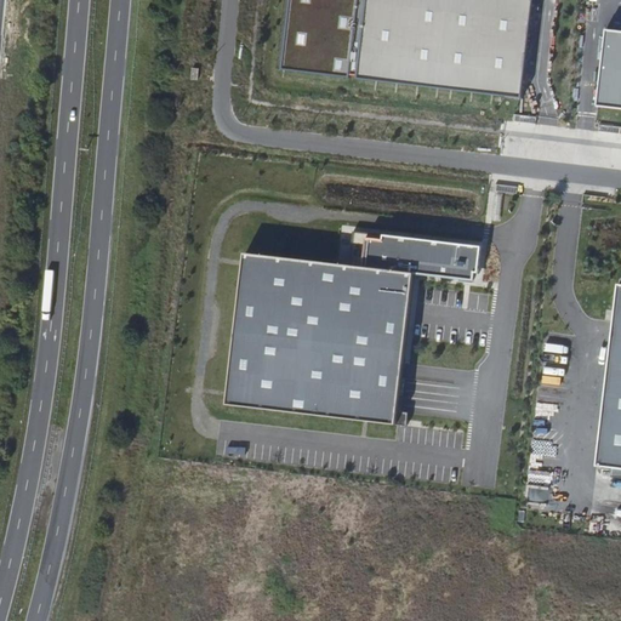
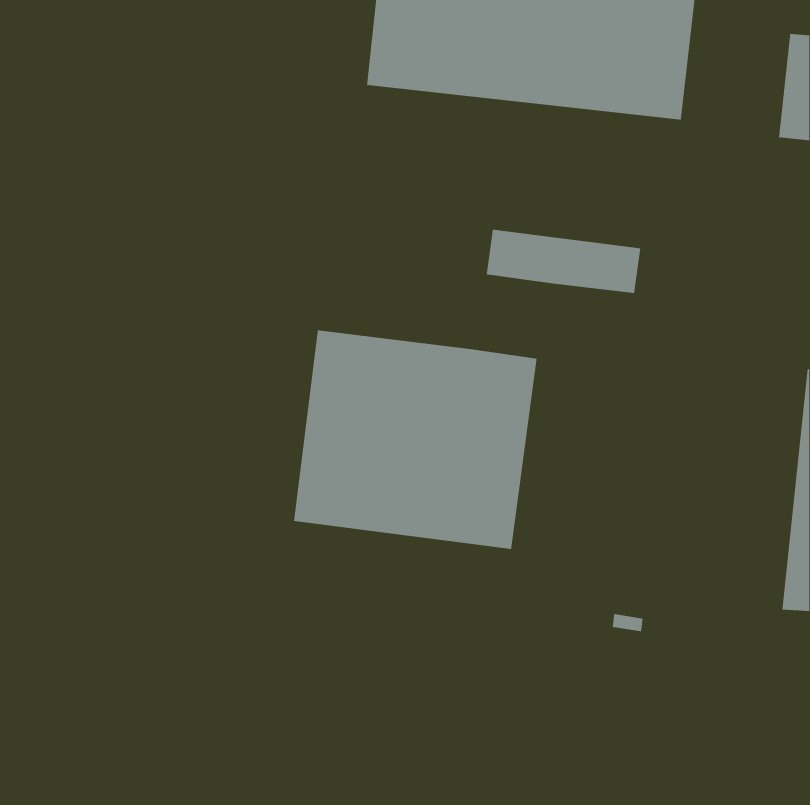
building: [360,232,479,281] -> [486,229,641,294]

